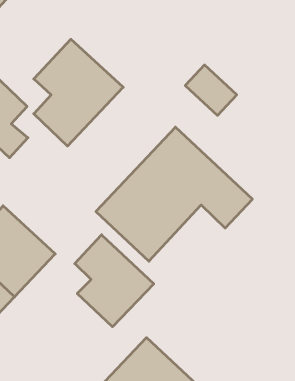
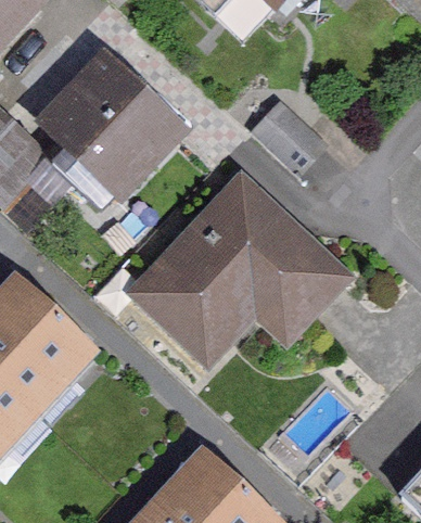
building: [75,235,154,327] -> none

